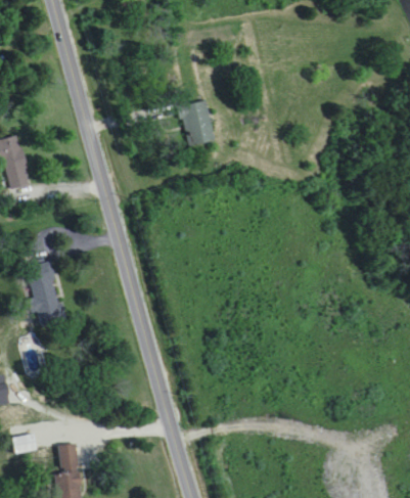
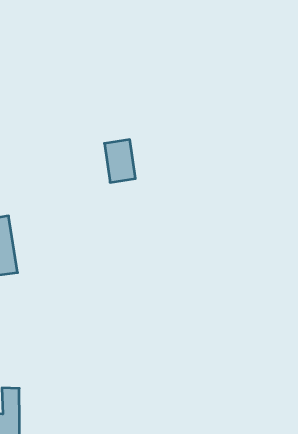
building: [179,99,215,146] -> [104,140,135,182]

